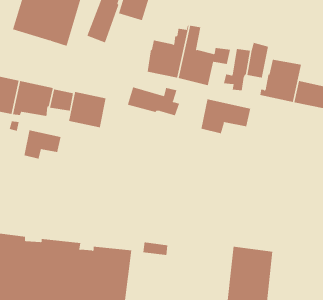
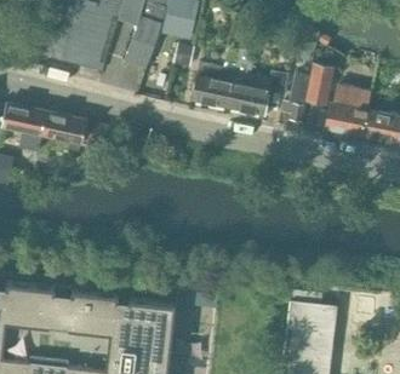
building: [127,86,180,116] -> none
building: [68,91,106,128] -> none
building: [201,98,251,134] -> none
building: [24,130,61,159] -> none

